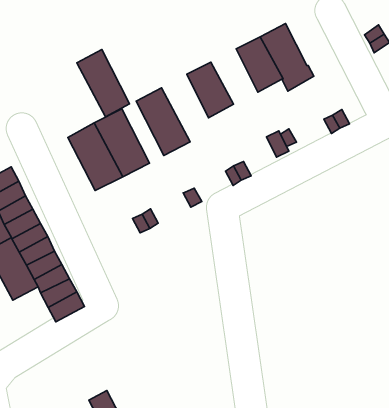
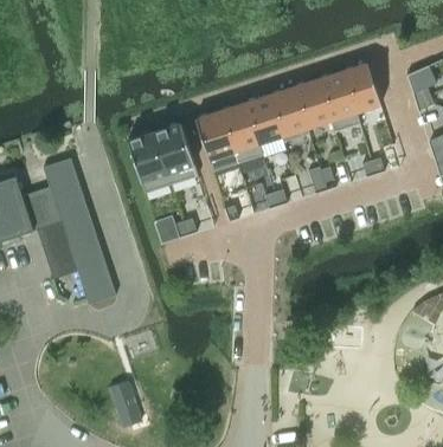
building: none -> [341,63,380,112]
building: none -> [268,86,308,142]
building: [77,49,129,117] -> [219,102,261,163]

